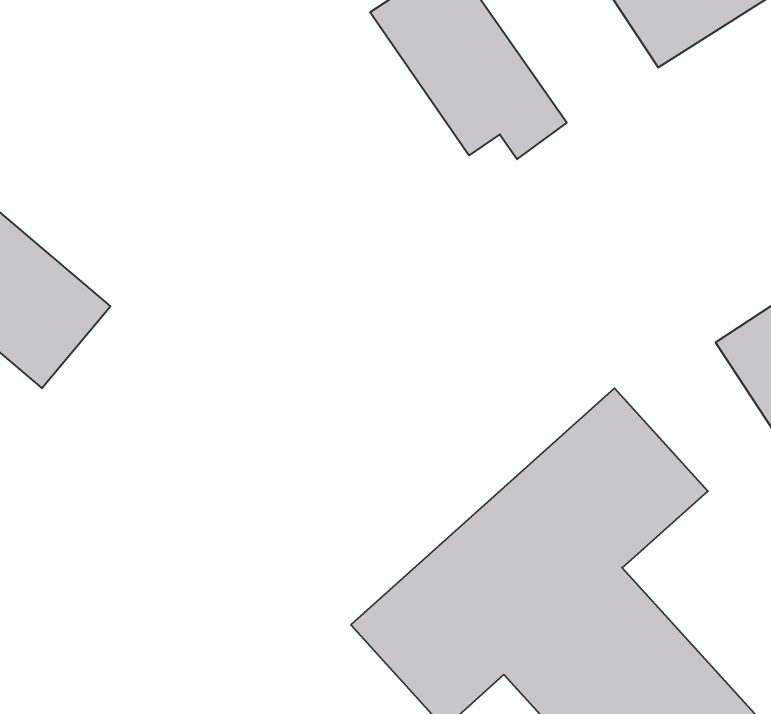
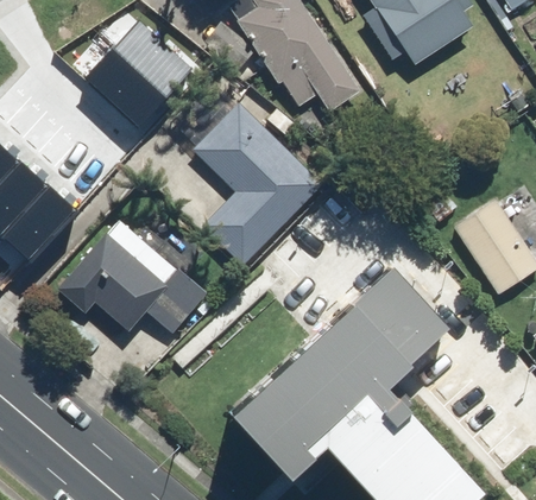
building: none -> [87,25,196,133]
building: none -> [189,84,323,267]
building: none -> [53,222,204,336]

